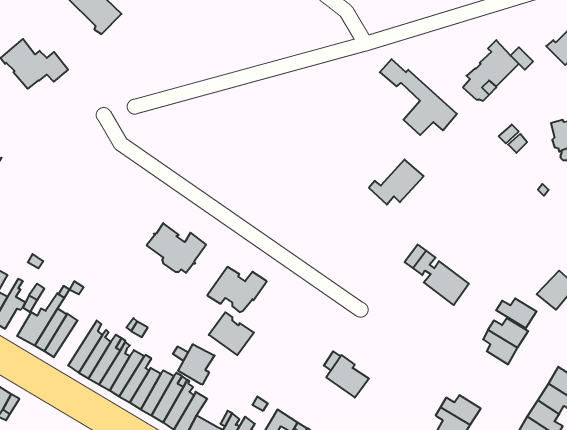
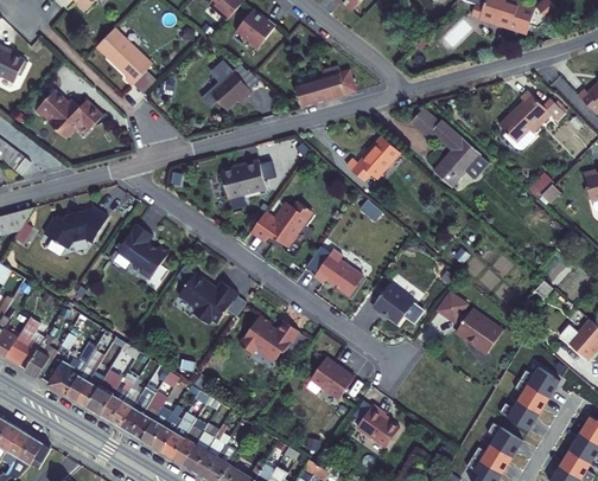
building: none -> [293,65,356,107]
building: none -> [211,70,253,110]
building: none -> [223,161,267,199]
building: none -> [250,203,311,246]
building: none -> [44,207,108,249]
building: [369,159,424,205] -> [345,136,400,181]
building: none -> [116,224,168,280]
building: none -> [313,250,363,296]
building: none -> [373,286,414,325]
building: [496,298,537,328] -> [498,400,539,430]
building: none -> [85,357,122,415]
building: [209,312,254,355] -> [310,358,355,400]
building: [178,344,215,385] -> none
building: none -> [486,423,522,457]

